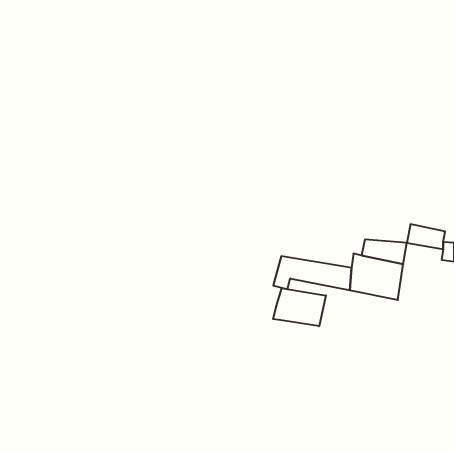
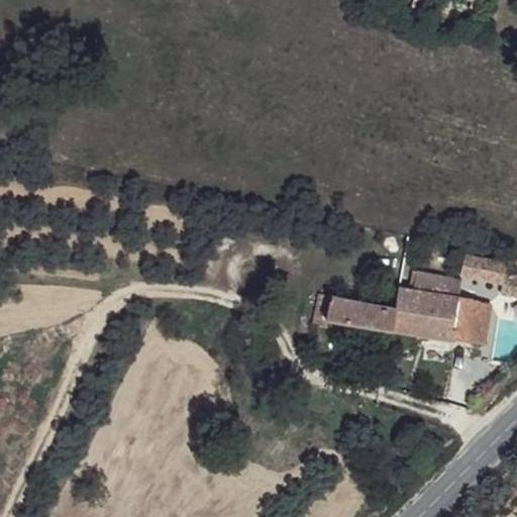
building: none -> [451,303,491,350]
building: [273,288,326,326] -> none

